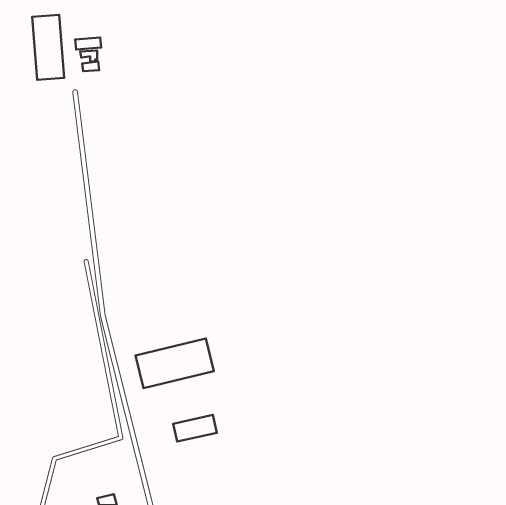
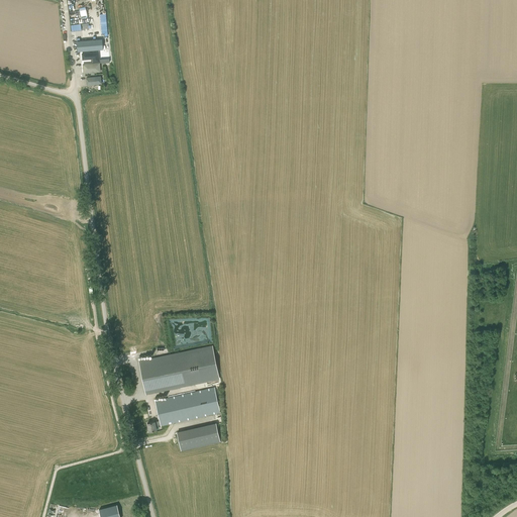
building: [32,15,64,80] -> none
building: none -> [147,386,220,430]

